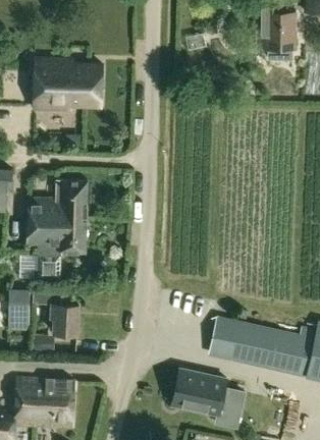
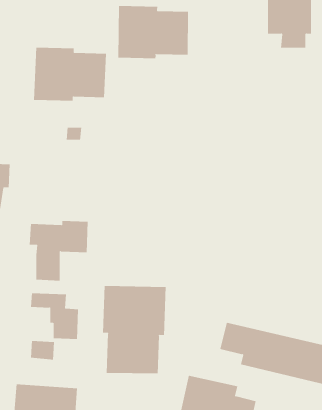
building: none -> [118,5,188,59]
building: [32,179,89,226] -> none
building: none -> [102,285,166,374]
building: [10,288,31,330] -> none

